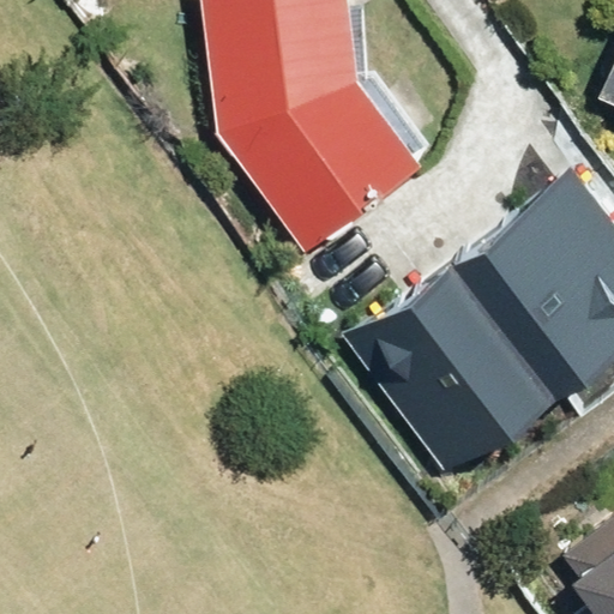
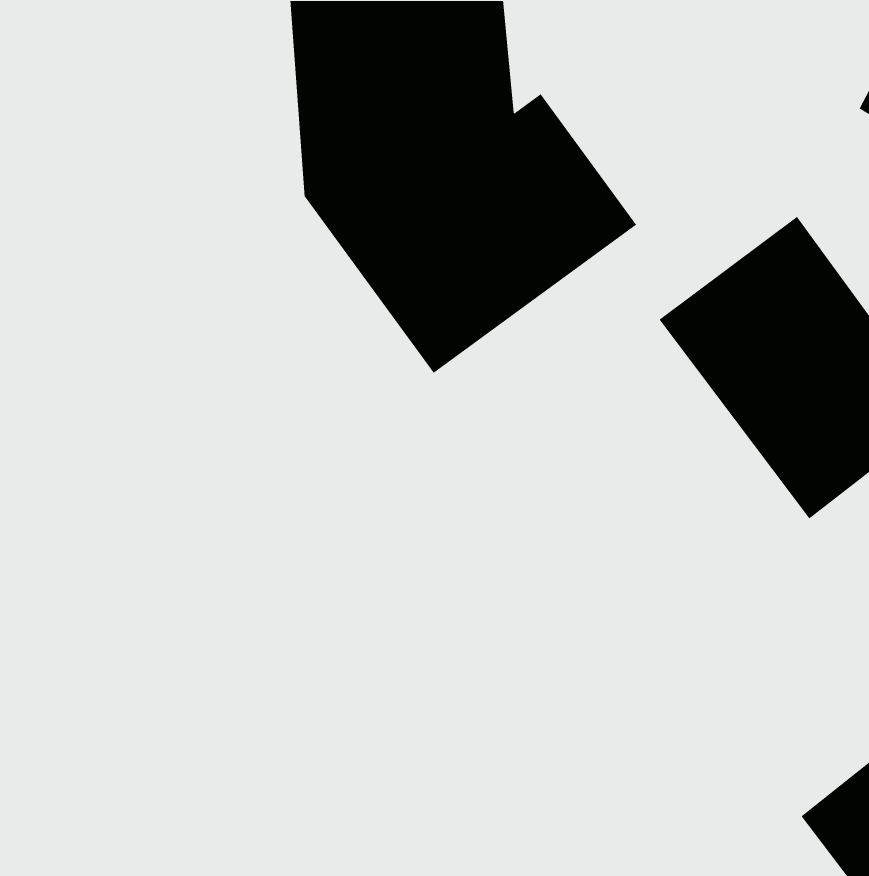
building: [333,243,550,465] -> none

